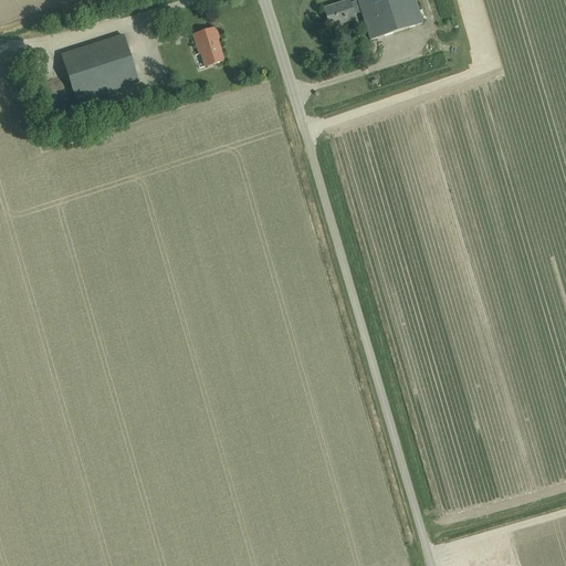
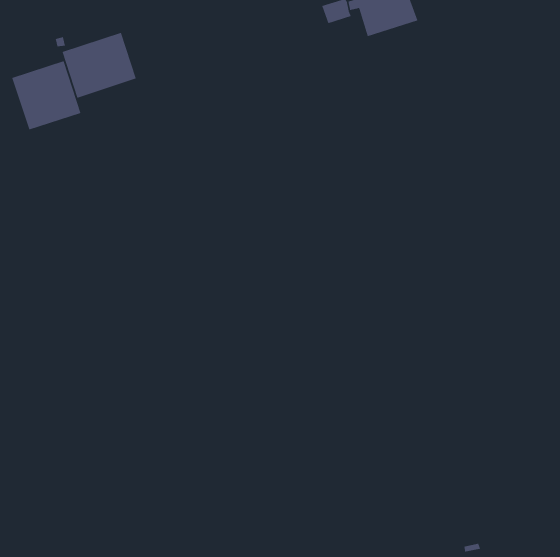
building: [193,25,223,64] -> none
building: none -> [11,60,82,131]

